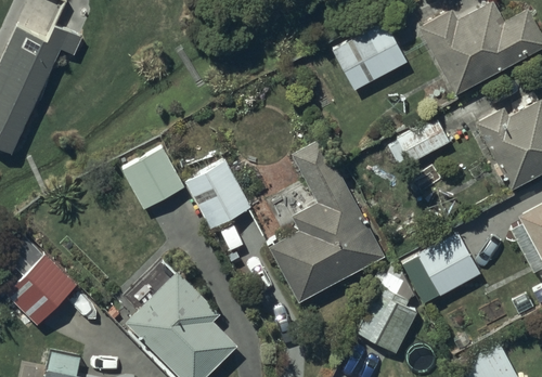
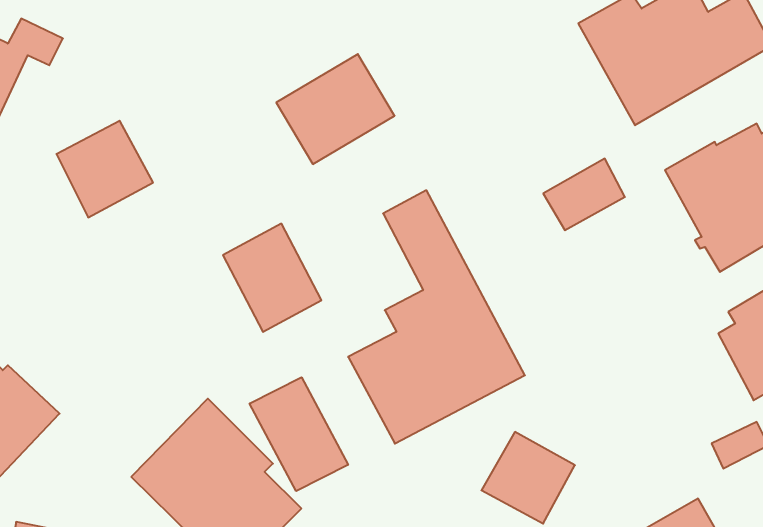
building: [328,21,405,92] -> [276,54,395,164]
building: [122,148,185,211] -> [56,121,153,217]
building: [400,233,478,303] -> none
building: none -> [250,377,348,491]

